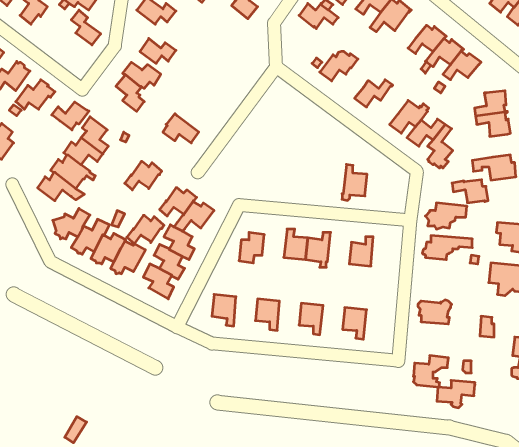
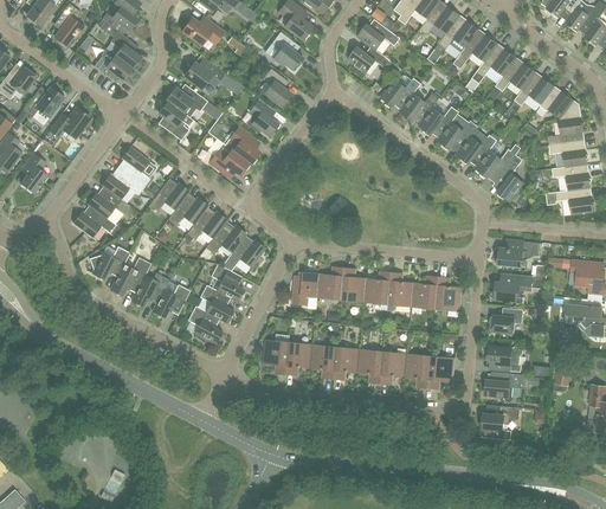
building: none -> [271,31,304,69]
building: none -> [453,31,498,69]
building: none -> [348,45,391,72]
building: none -> [94,49,133,79]
building: none -> [263,67,291,105]
building: none -> [540,89,581,120]
building: none -> [399,91,440,121]
building: none -> [247,97,281,136]
building: none -> [437,112,478,149]
building: none -> [223,125,259,163]
building: [52,102,89,130] -> none
building: none -> [149,180,189,211]
building: [342,164,367,200] -> [387,271,414,310]
building: [452,180,488,203] -> [552,165,591,189]
building: [127,215,164,244] -> [187,208,227,239]
building: none -> [317,266,344,298]
building: none -> [436,276,462,310]
building: none -> [490,307,523,333]
building: none -> [286,341,312,374]
building: none -> [334,346,360,379]
building: none -> [380,350,407,384]
building: none -> [427,355,454,388]
building: [437,380,475,408] -> [485,372,527,401]

